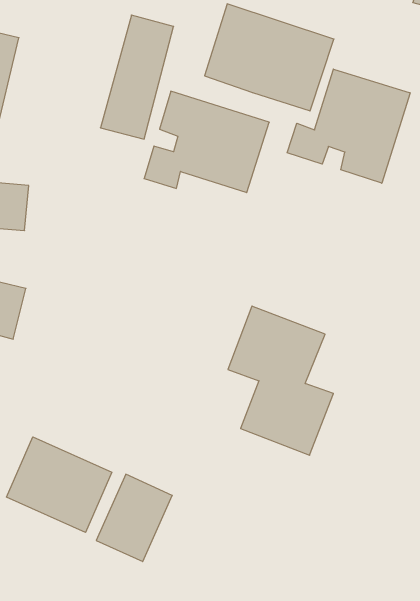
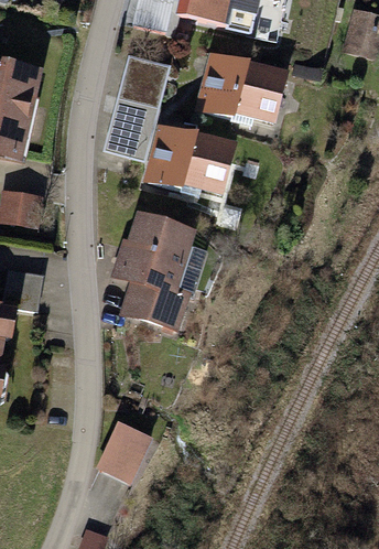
building: [287,69,410,183] -> none
building: [228,306,333,455] -> [120,211,203,327]
building: [6,437,112,532] -> none

